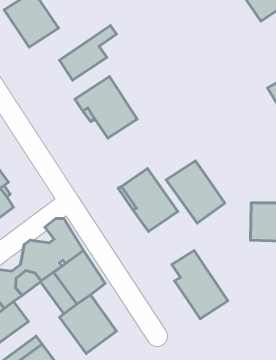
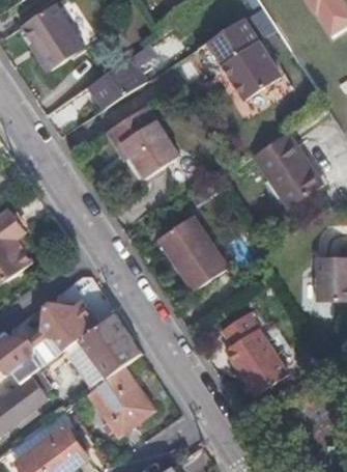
building: none -> [196,18,280,100]
building: [166,161,225,223] -> [252,133,322,207]

